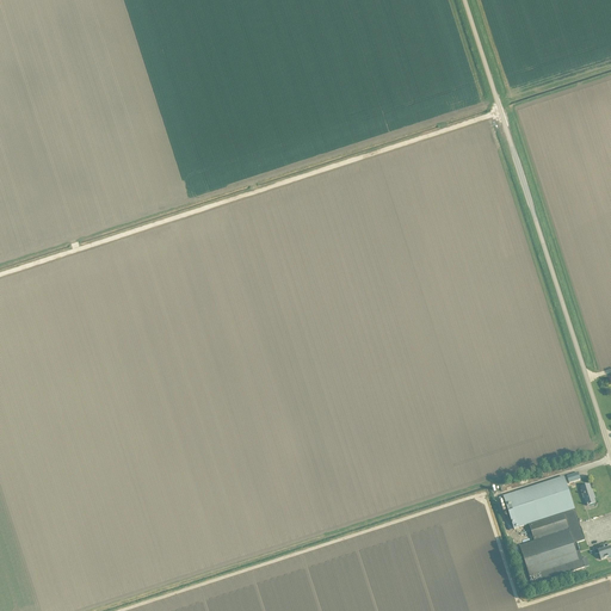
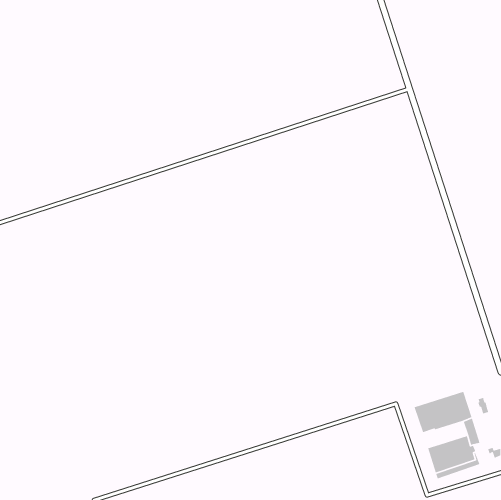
building: [529,512,568,539] -> none

